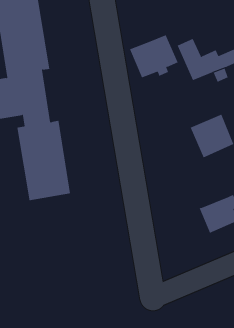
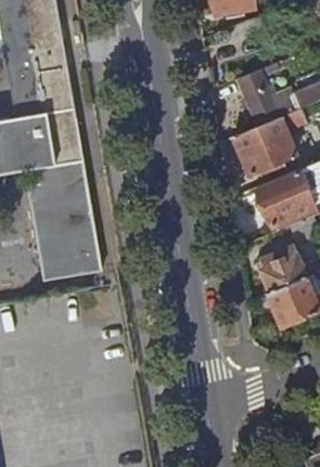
building: [129,34,179,78] -> [232,117,297,174]
building: none -> [259,248,306,293]

